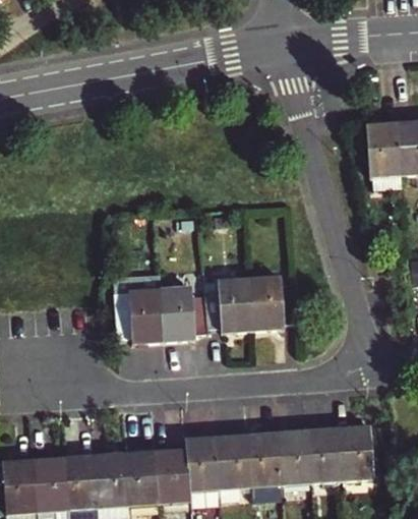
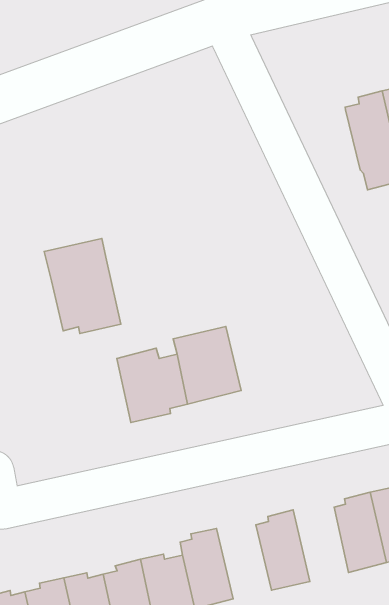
building: [115,273,165,343] -> [44,238,121,333]
building: [249,277,299,330] -> none
building: [279,426,313,484] -> none
building: [218,431,252,488] -> none

